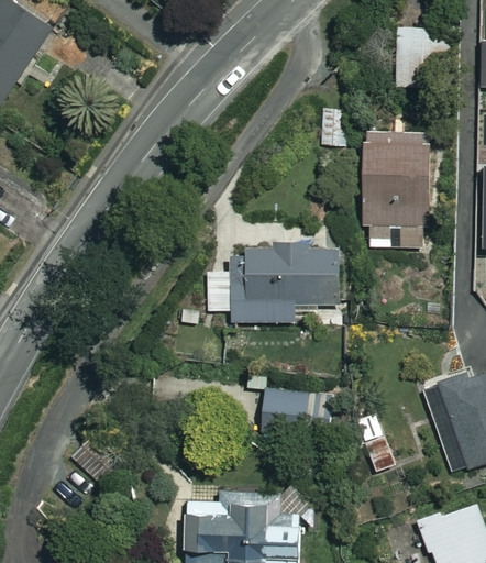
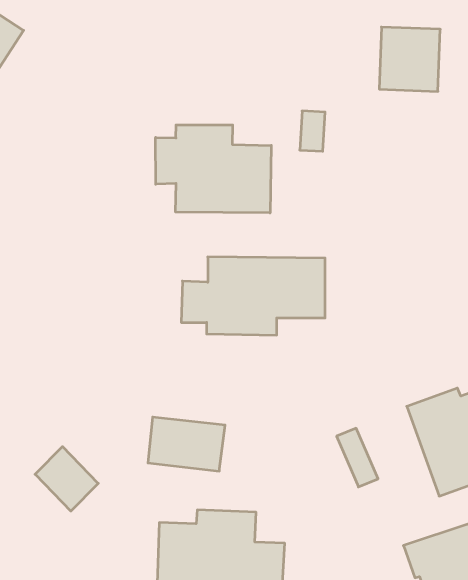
building: none -> [156,125,271,213]
building: [362,132,433,247] -> none
building: [259,386,333,438] -> [148,417,225,471]

